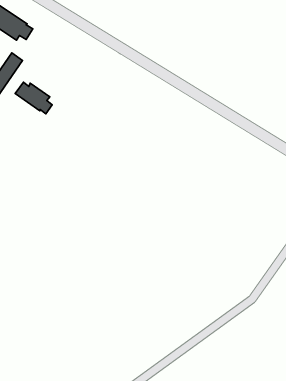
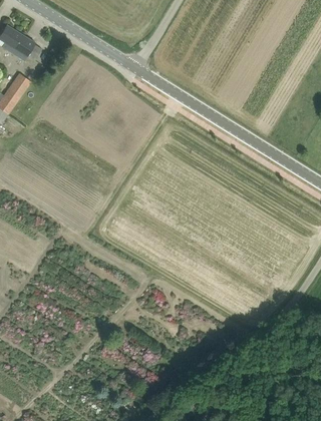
building: [15,82,52,114] -> none

